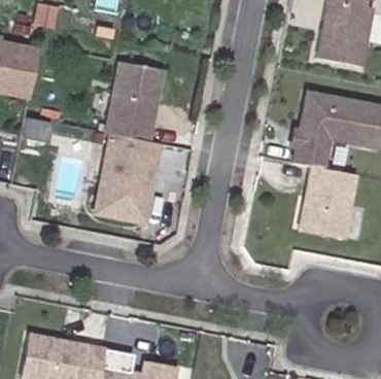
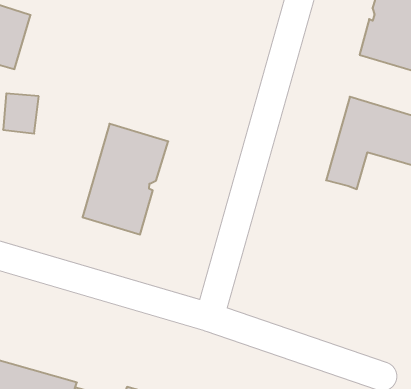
building: [108,62,166,142] -> none
building: [299,168,352,238] -> none

